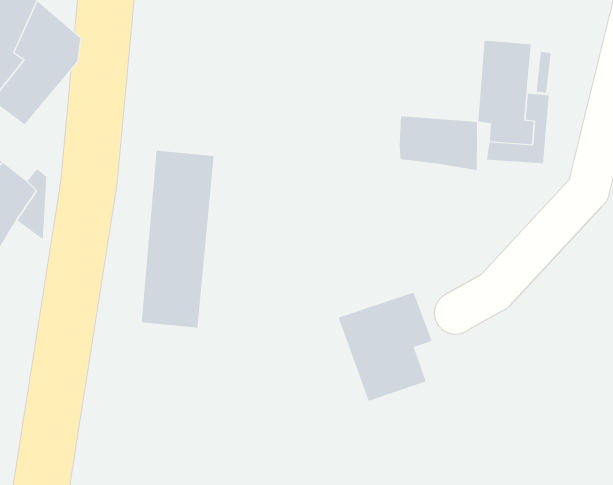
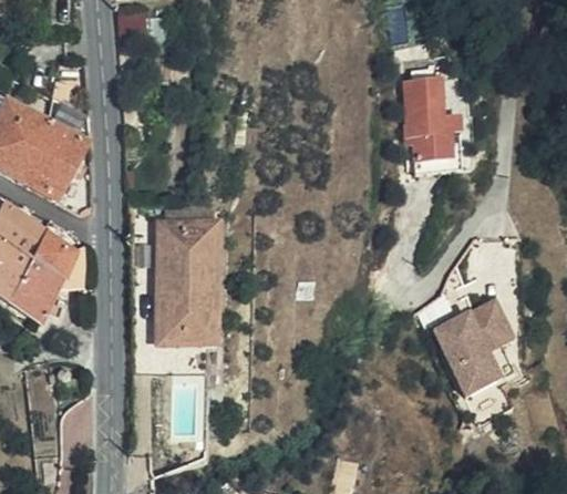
building: [399,115,478,171] -> none
building: [338,292,432,402] -> [436,305,513,395]

